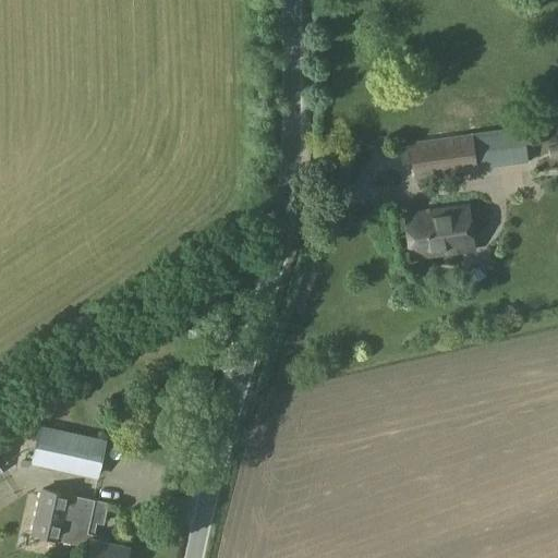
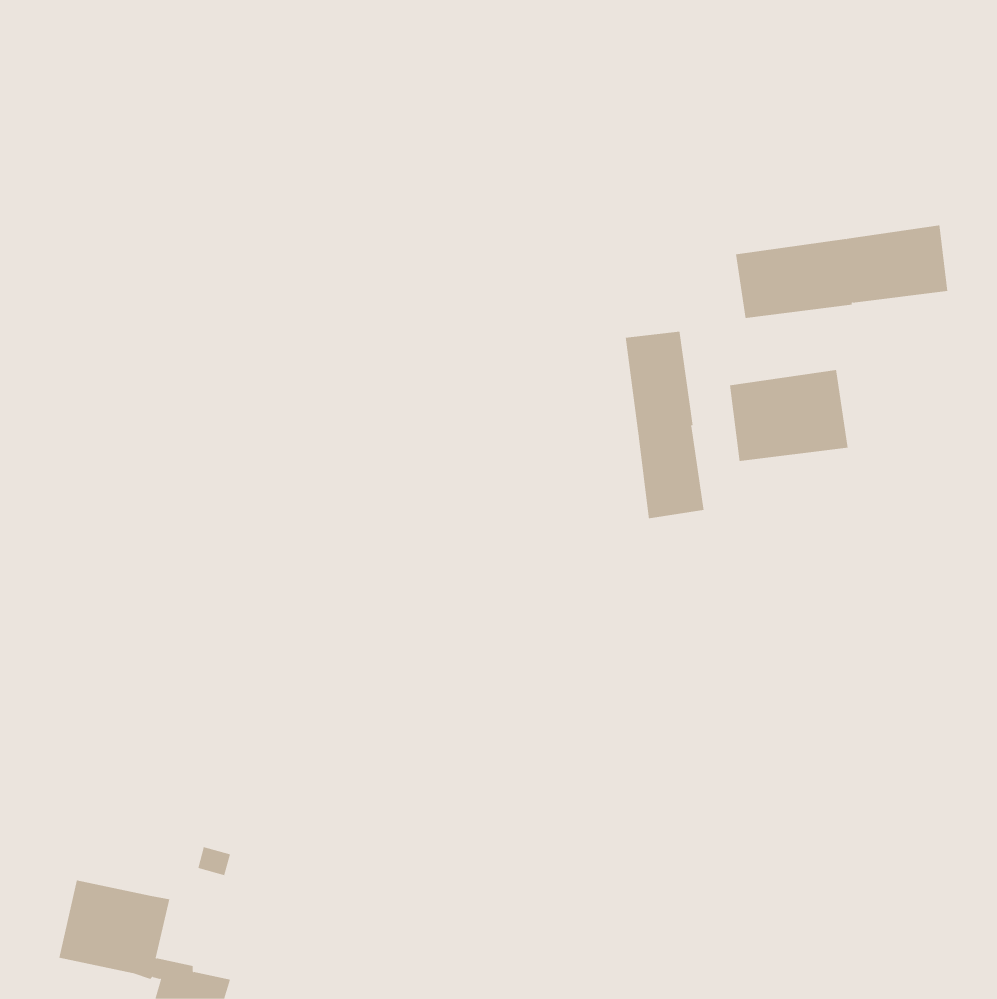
building: none -> [625,331,704,519]
building: [34,426,106,476] -> none

